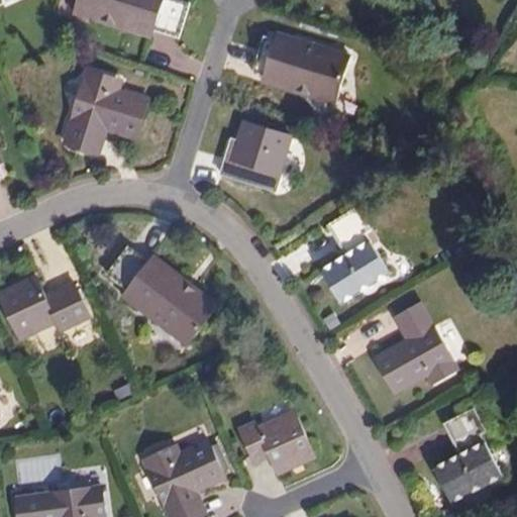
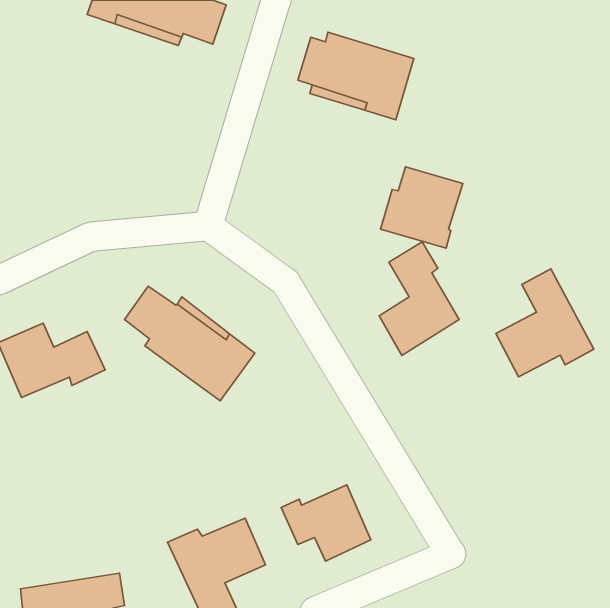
building: [64,71,150,151] -> none
building: [212,118,282,187] -> [380,167,463,248]
building: [375,303,457,394] -> [496,269,594,377]
building: [434,406,502,498] -> none

